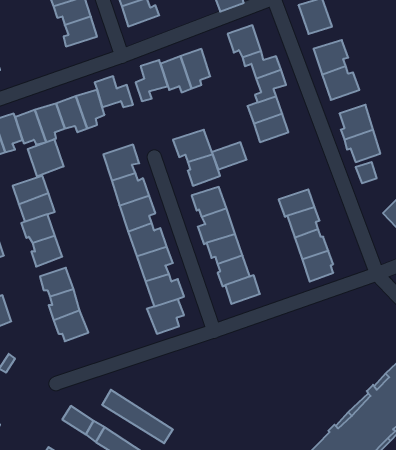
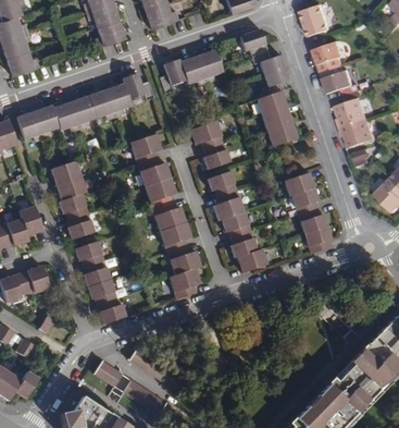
building: [28,139,64,176] -> none
building: [212,142,247,170] -> [266,122,297,146]
building: none -> [96,297,125,323]

